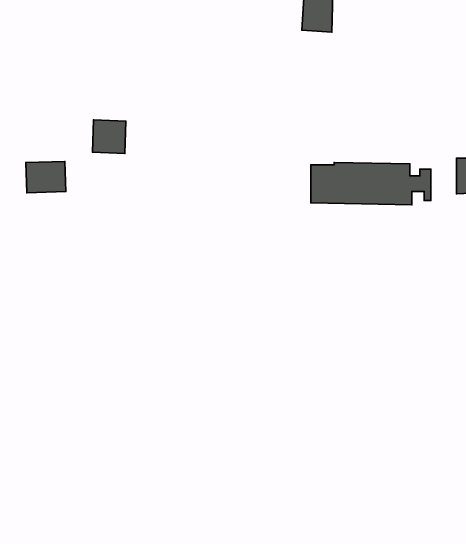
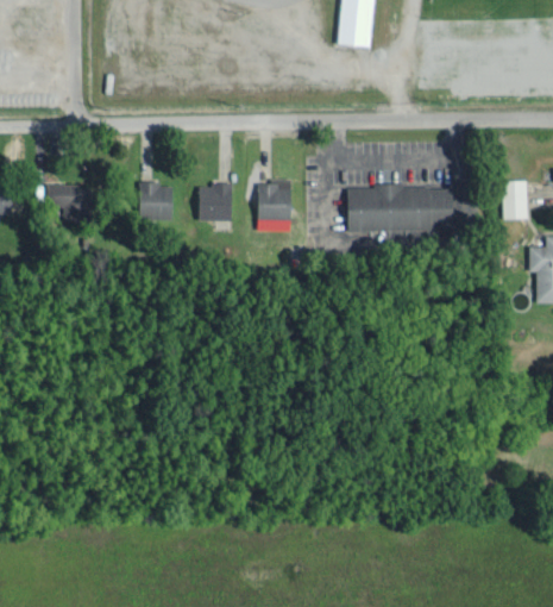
building: [92,120,126,153] -> [138,184,174,220]
building: none -> [196,183,233,221]
building: none -> [256,183,293,223]

